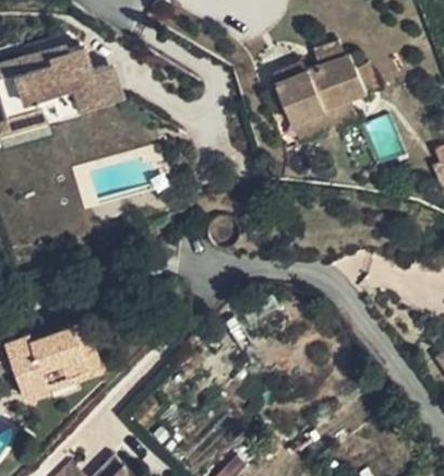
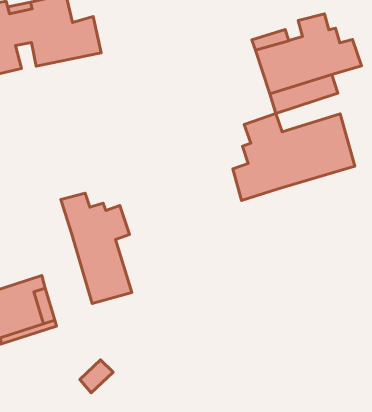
building: none -> [233,113,355,201]
building: none -> [61,193,132,304]

